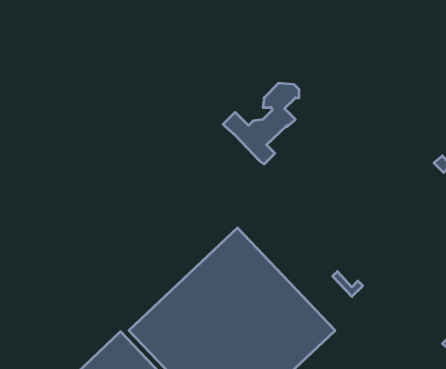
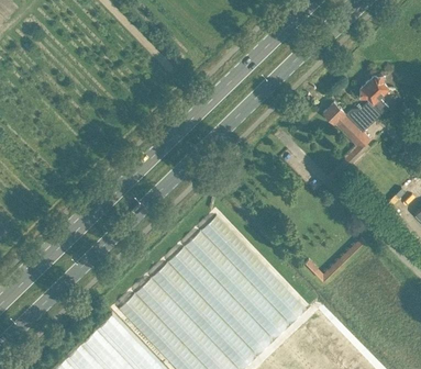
building: [223,83,299,164] -> [322,76,391,149]

